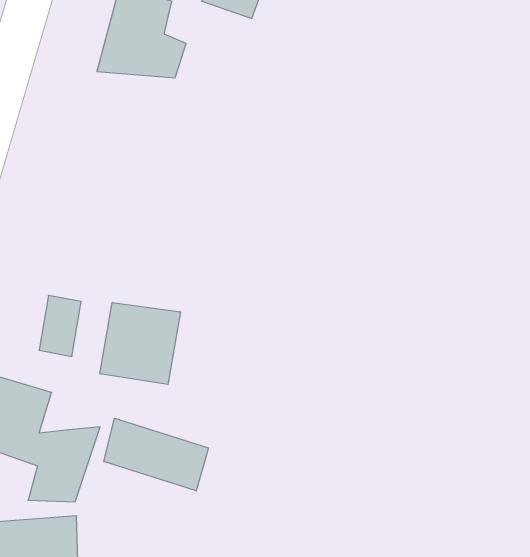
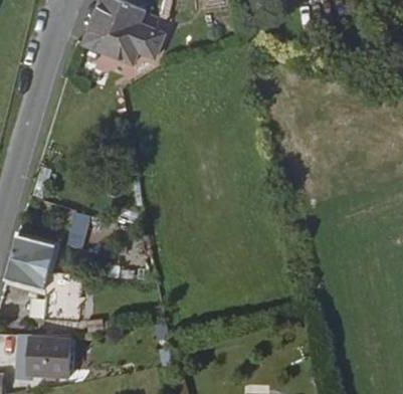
building: [100,302,180,385] -> none
building: [104,418,208,491] -> none

